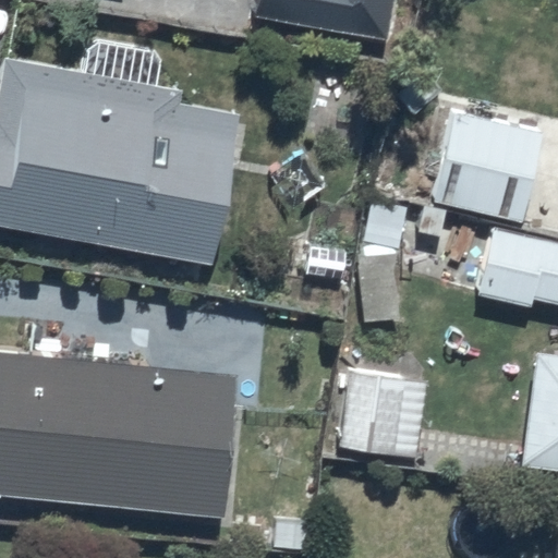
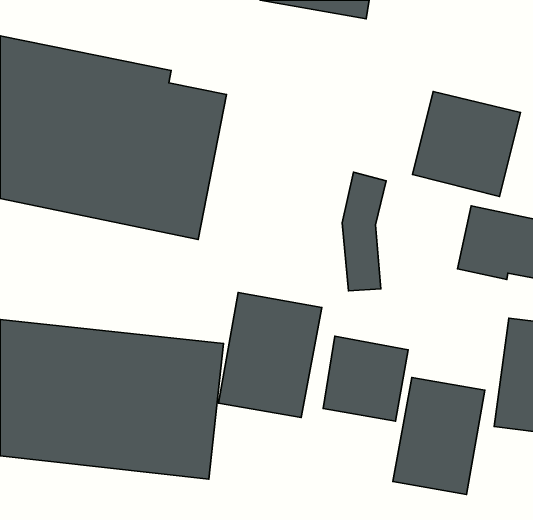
building: none -> [219,292,322,418]
building: none -> [393,377,485,495]

